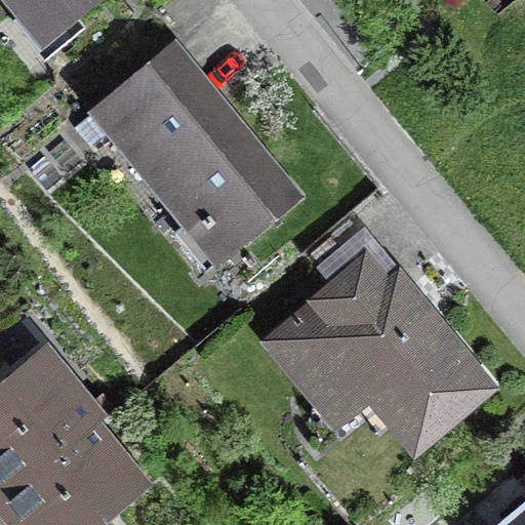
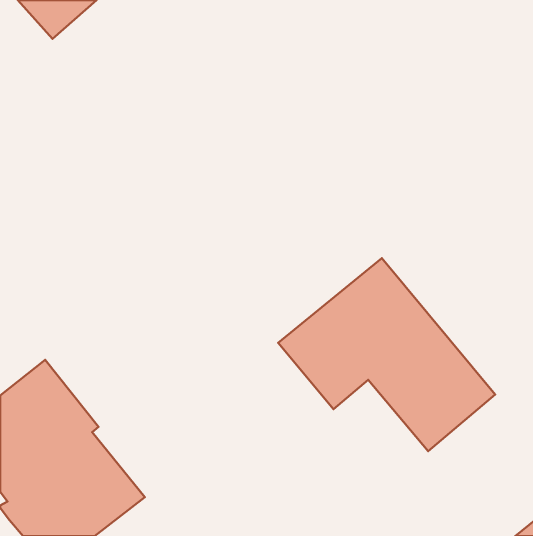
building: [80,51,298,267] -> none

